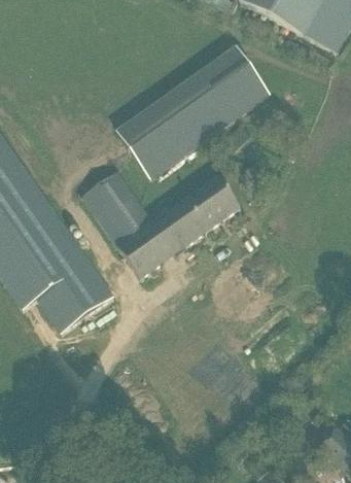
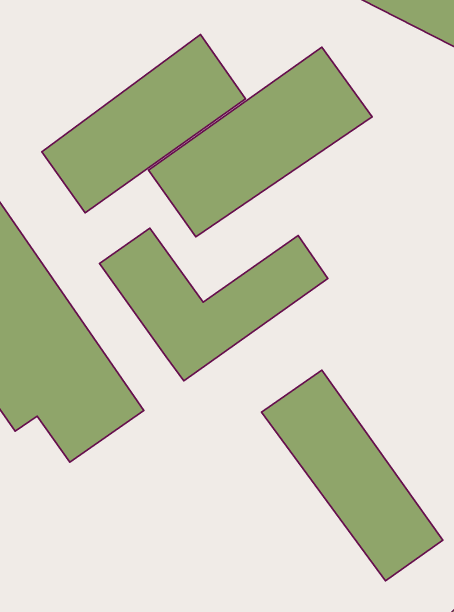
building: none -> [42,34,245,213]
building: none -> [261,370,443,581]

